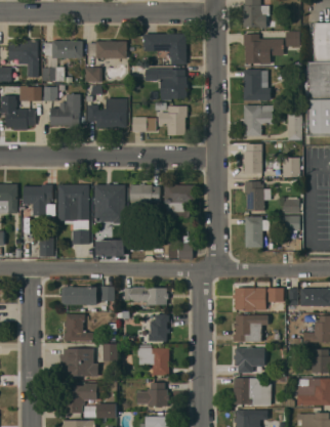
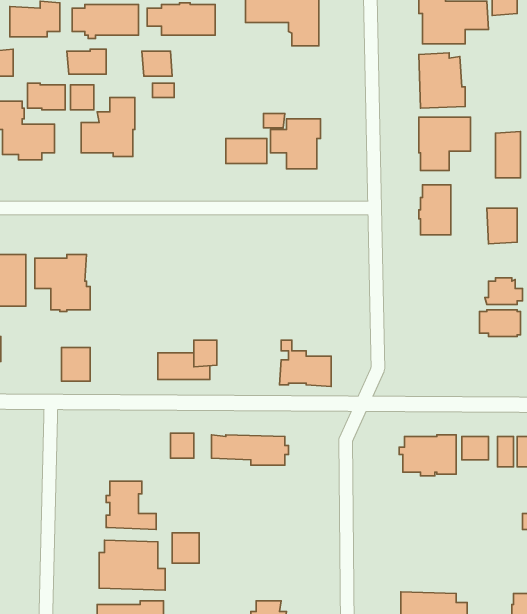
building: [145,69,188,100] -> none
building: [87,98,127,128] -> none
building: [164,181,195,218] -> none
building: [244,182,271,211] -> none
building: [57,184,88,245] -> none
building: [93,184,125,223] -> none
building: [129,184,159,203] -> none
building: [244,217,269,248] -> none
building: [60,287,97,305] -> none
building: [148,314,168,342] -> none
building: [233,315,267,342] -> none
building: [137,348,168,376] -> none
building: [235,348,264,374] -> none

